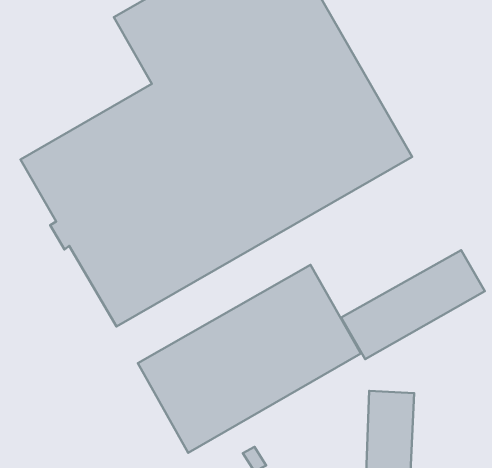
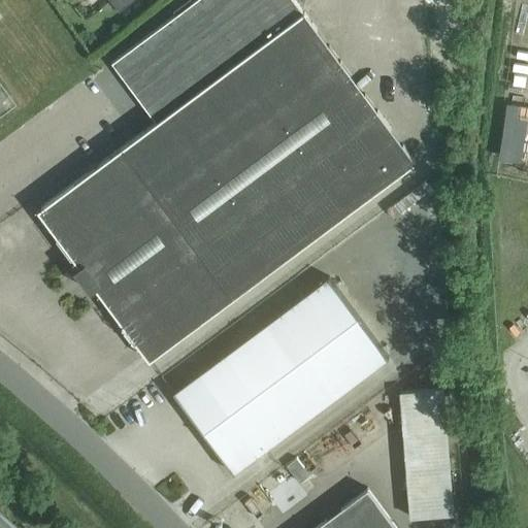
building: [341,250,485,359] -> none

